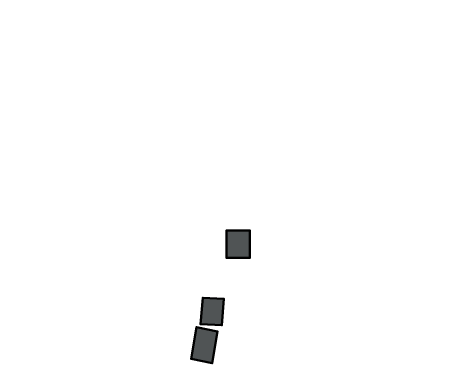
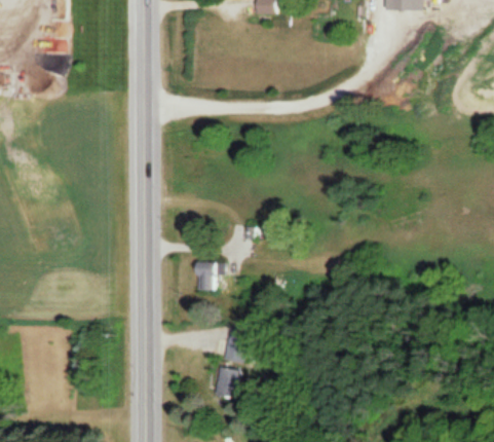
building: [226,231,250,258] -> [194,263,217,290]

